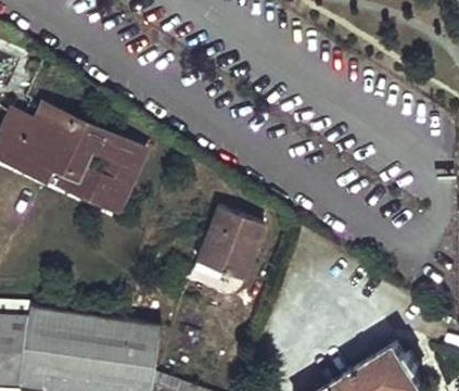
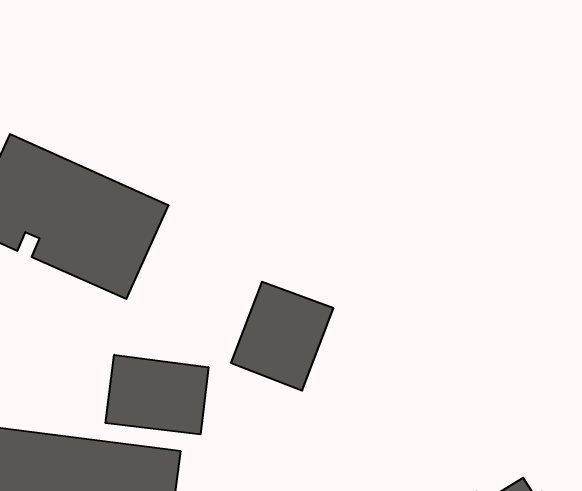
building: none -> [106,355,208,434]

